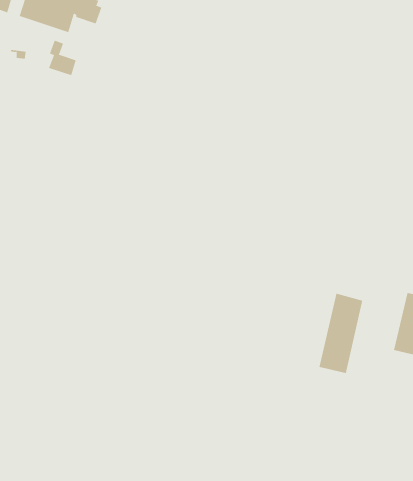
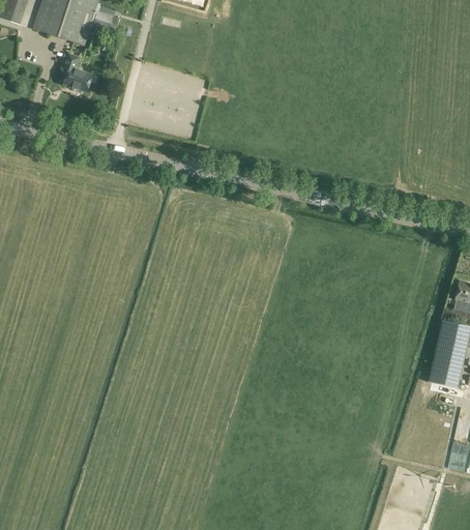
building: [319,293,363,374] -> none

